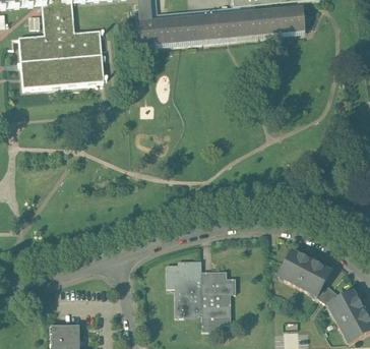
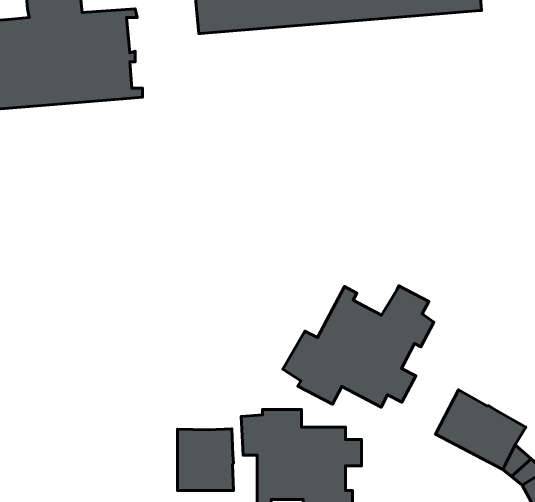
building: none -> [283,286,434,407]
building: none -> [178,429,233,491]

